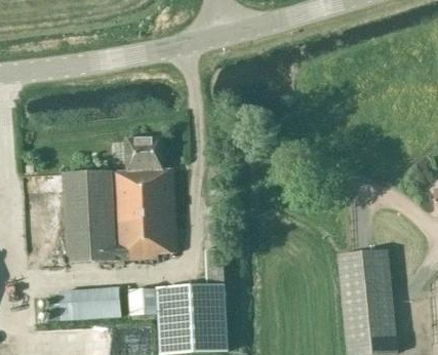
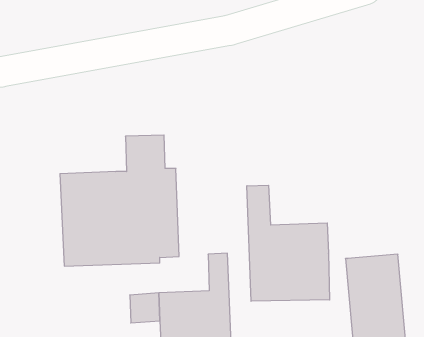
building: none -> [247,185,330,301]
building: [58,287,119,318] -> none

